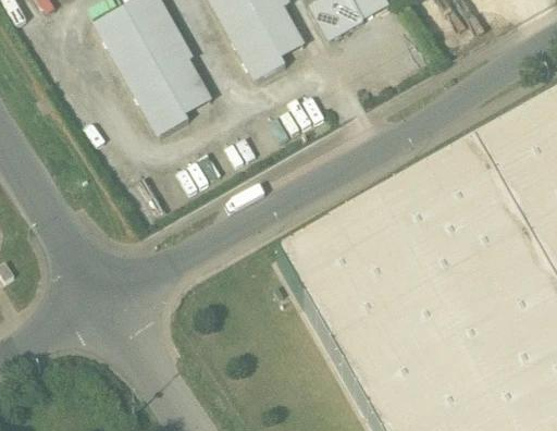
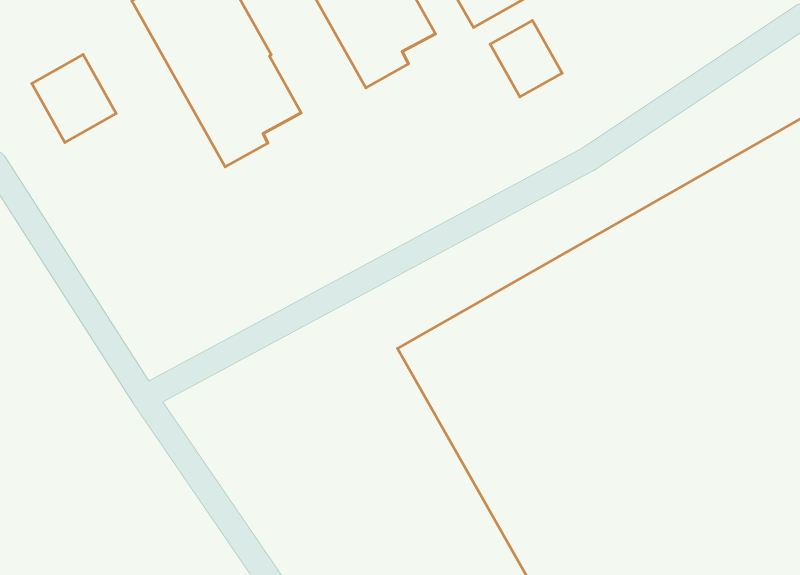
building: none -> [490,21,562,97]
building: none -> [32,55,116,143]

